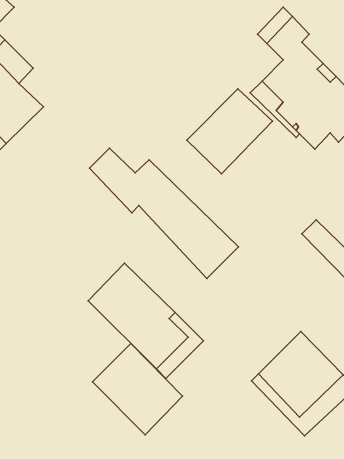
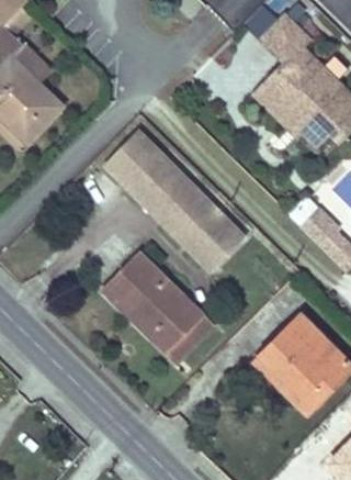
building: [187,89,273,174] -> none
building: [92,343,183,435] -> none

